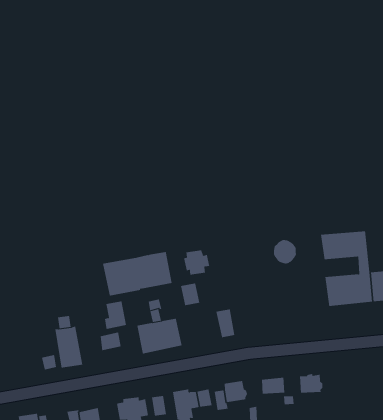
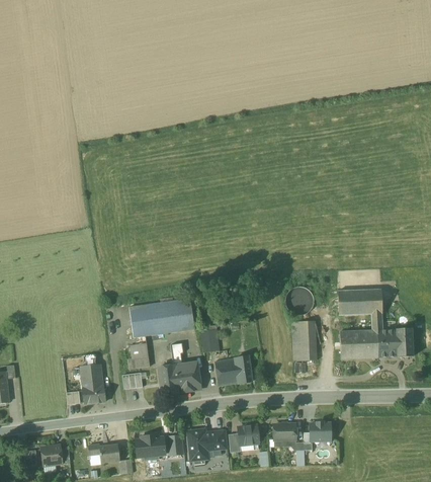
building: [184,249,210,276] -> none
building: none -> [292,320,318,360]
building: none -> [217,357,239,385]

